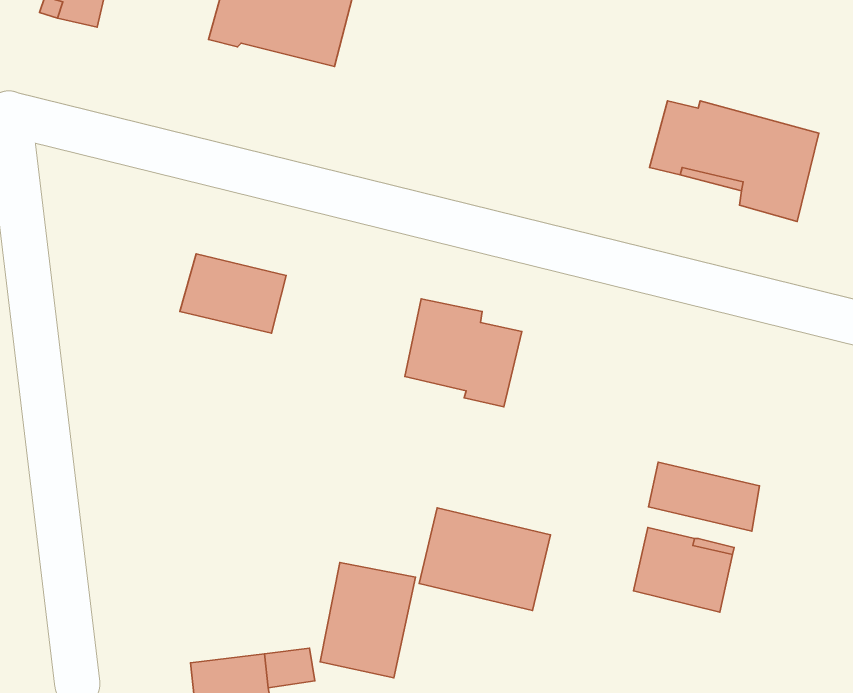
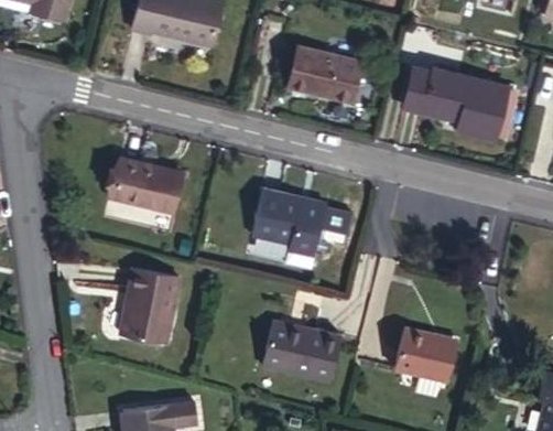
building: none -> [285,45,361,104]
building: [648,462,759,531] -> none
building: [320,563,415,678] -> [122,271,181,342]

